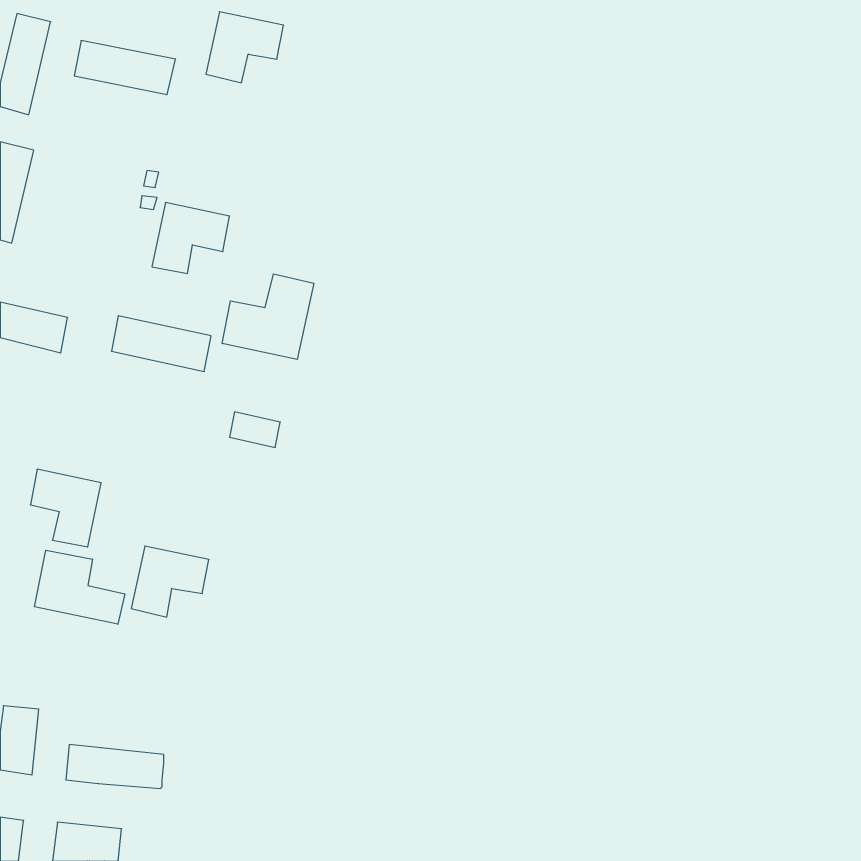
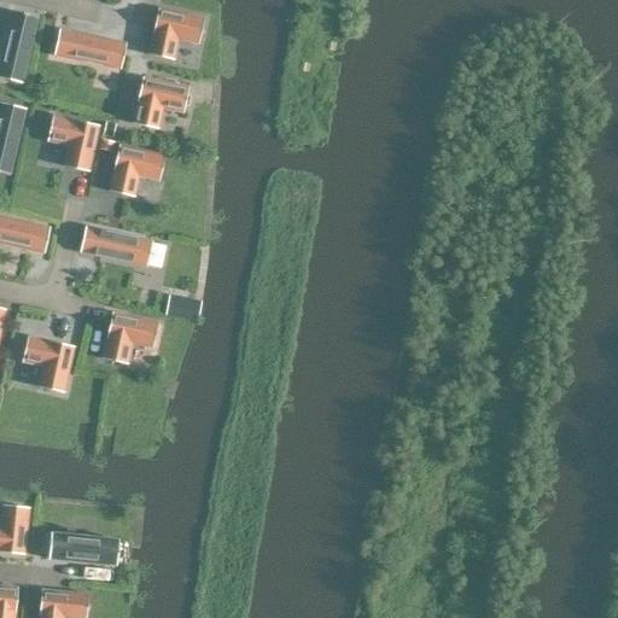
building: none -> [133,77,190,128]
building: none -> [48,115,99,171]
building: [222,274,314,359] -> none
building: [131,546,209,617] -> [103,313,158,363]
building: [35,550,125,624] -> none

